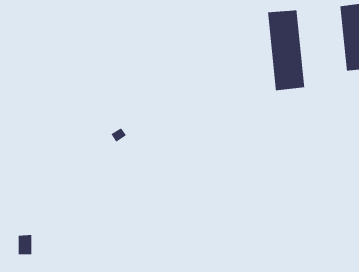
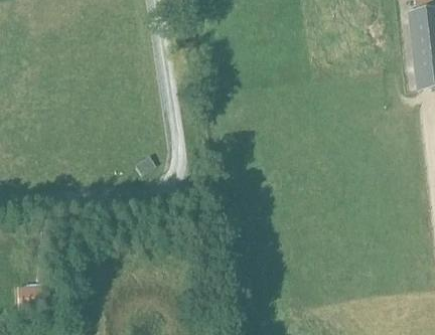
building: [267,10,305,91] -> none

